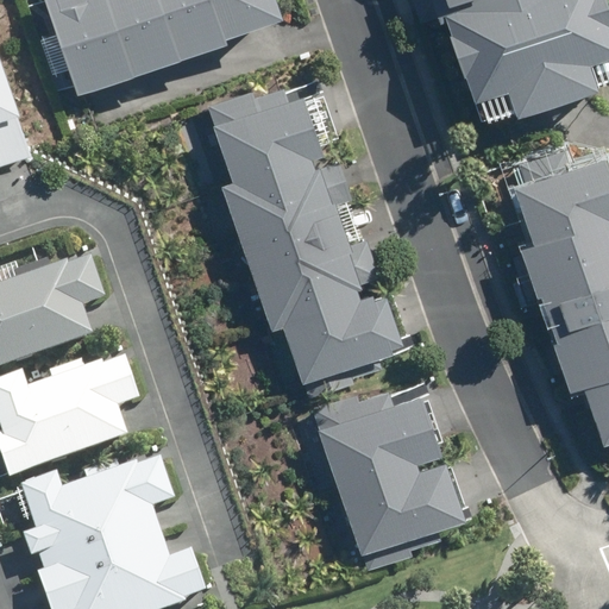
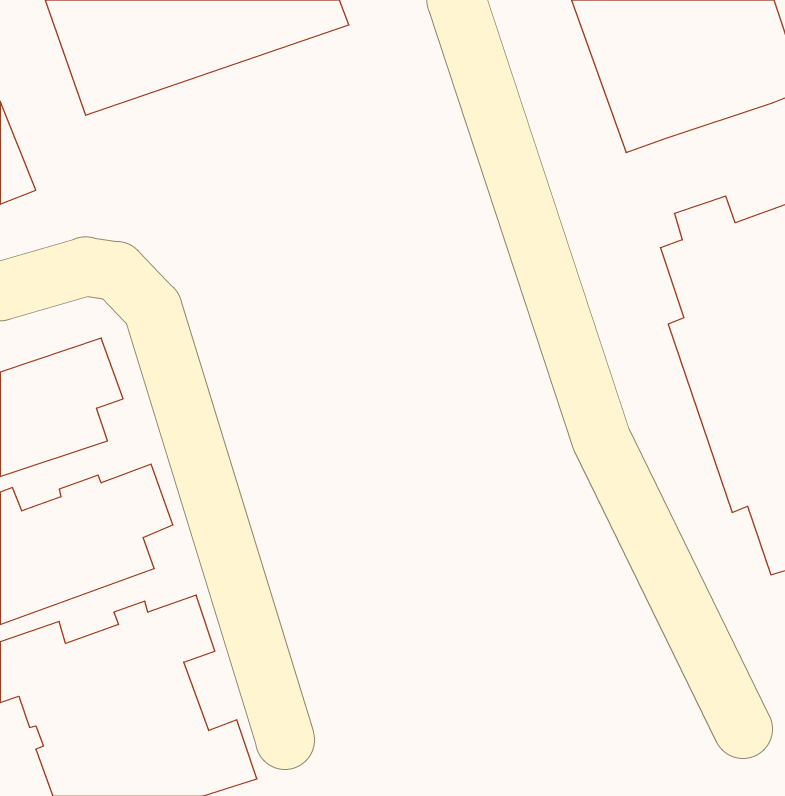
building: [209,83,396,375] -> none
building: [310,385,463,547] -> none

